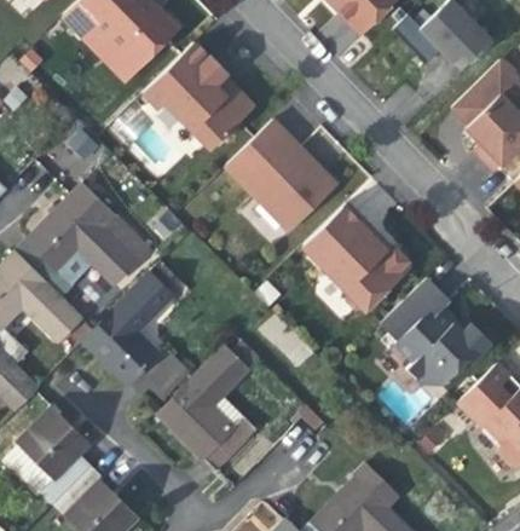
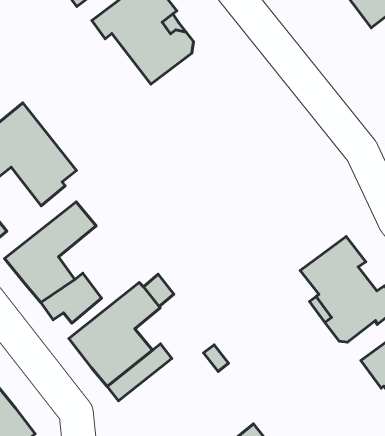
building: [224,119,336,230] -> none
building: [301,202,408,310] -> none

